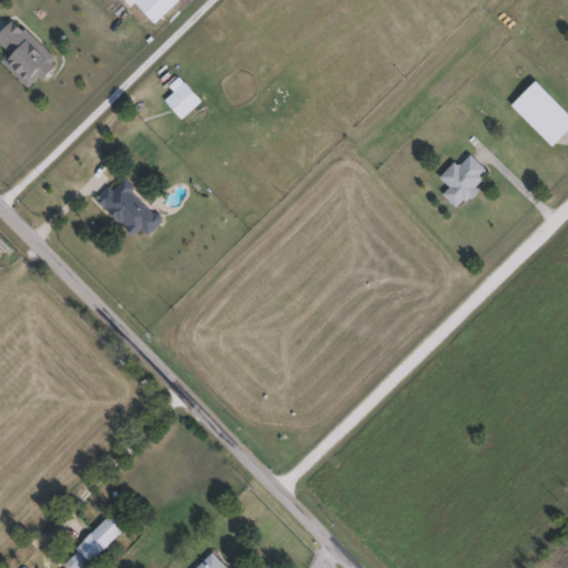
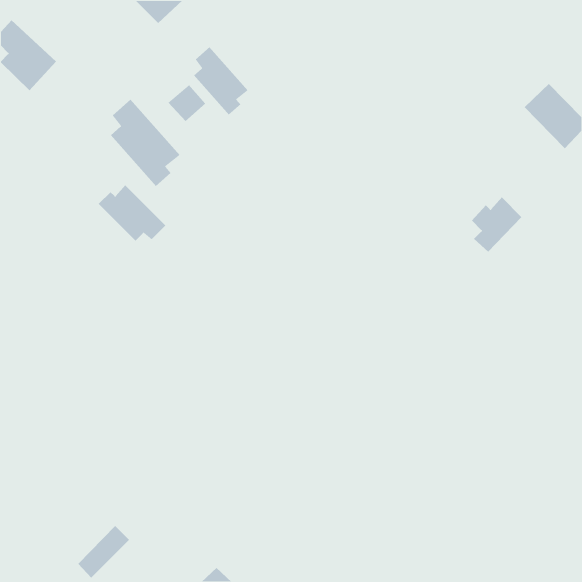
building: none -> [193,47,248,115]
building: none -> [110,99,180,187]
building: [439,153,489,207] -> [471,197,522,252]

